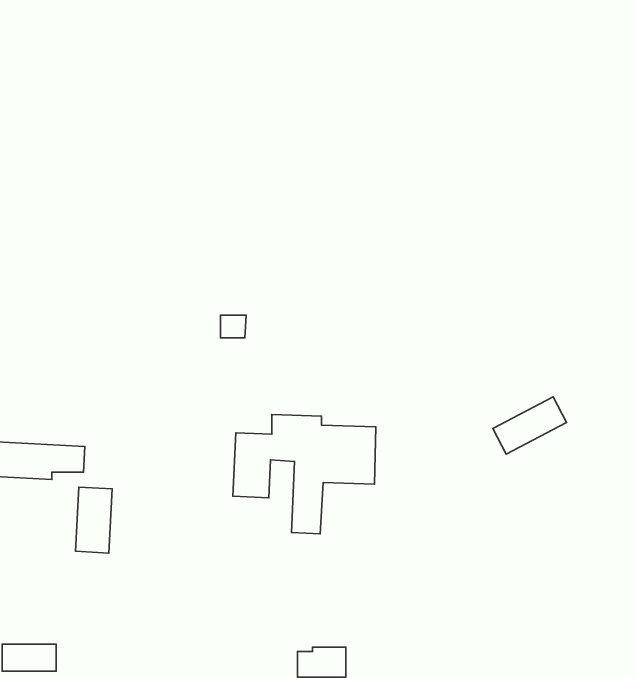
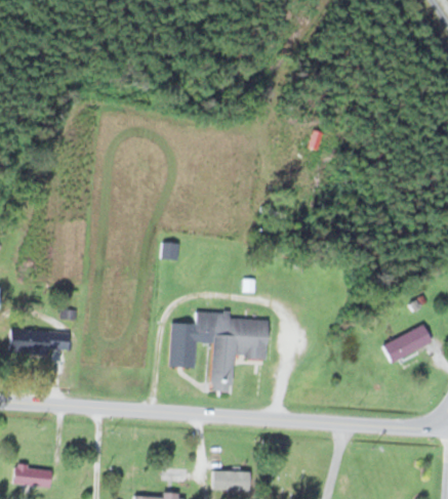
building: [493,397,567,454] -> [382,325,433,364]
building: [75,487,112,553] -> none

